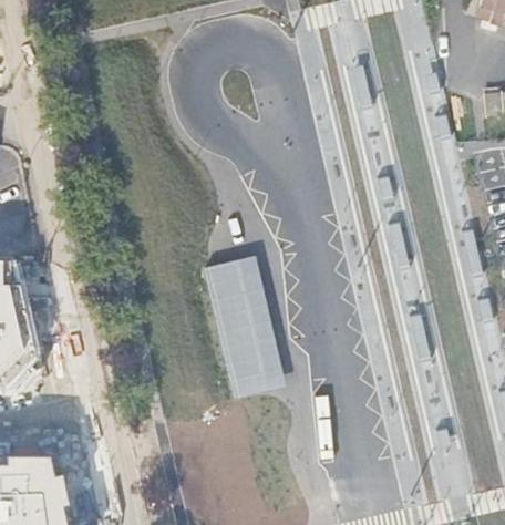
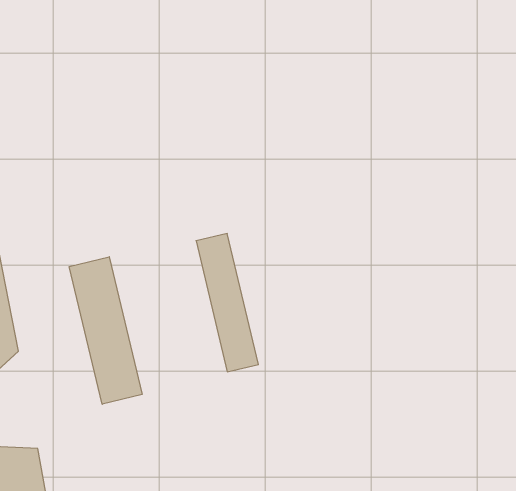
building: [236,255,285,395] -> none
building: none -> [69,257,142,404]

